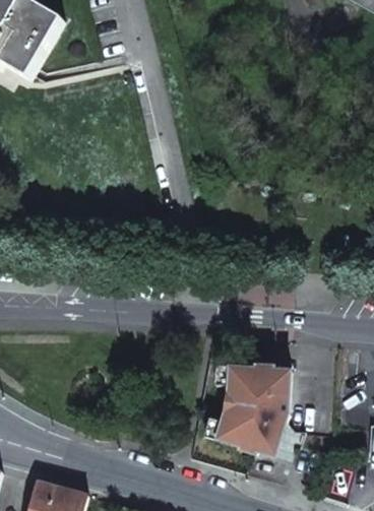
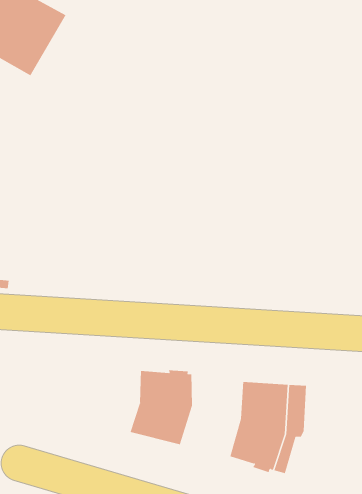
building: none -> [130,369,193,445]

